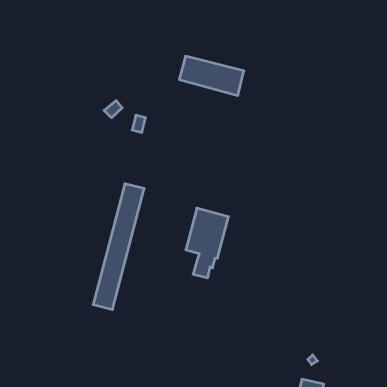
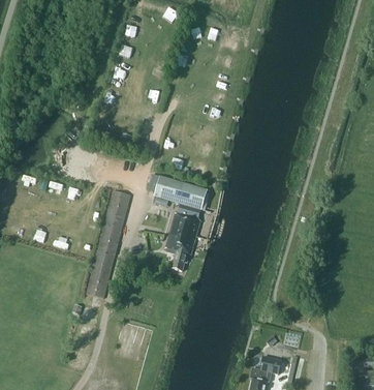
building: [179,56,244,95] -> [153,175,208,208]

